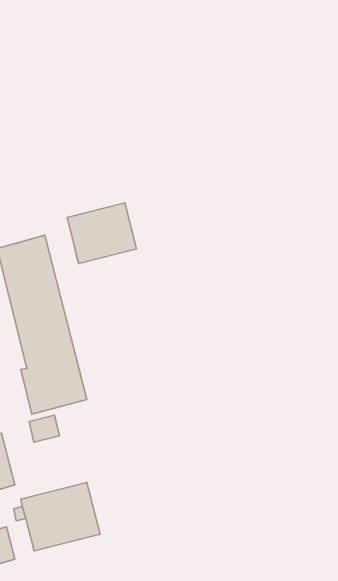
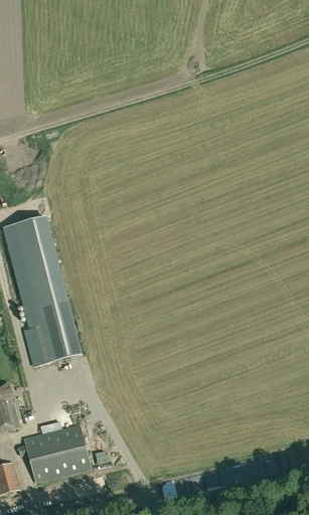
building: [67,203,136,264] -> none
building: [29,415,59,442] -> none

